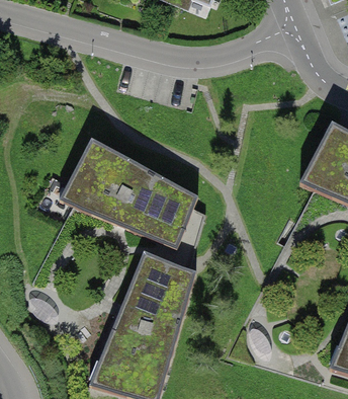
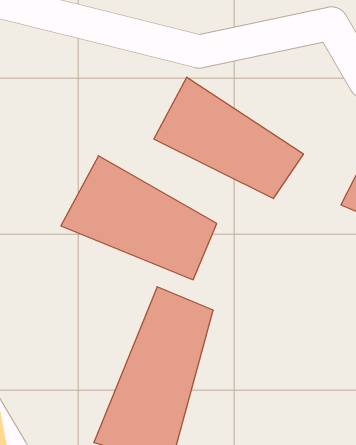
building: none -> [154,77,303,199]

